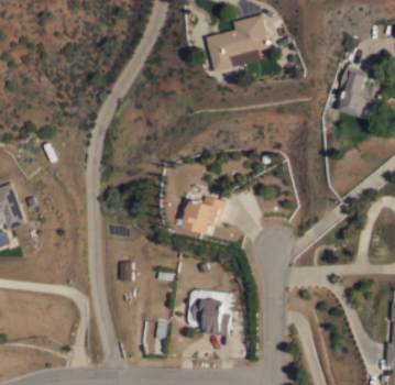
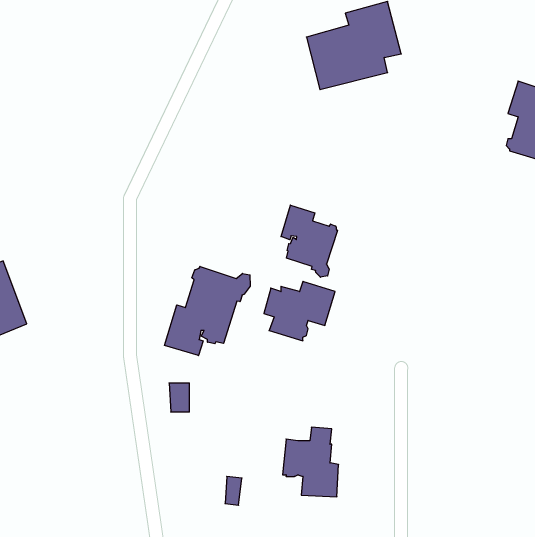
building: none -> [281,205,337,277]
building: none -> [164,266,250,356]

